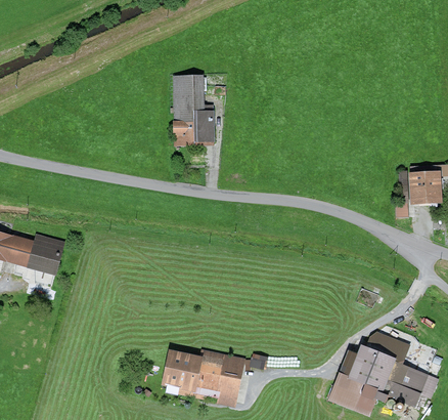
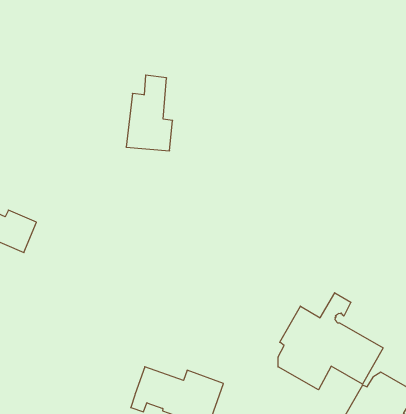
building: [174,78,213,142] -> [126,75,173,151]
building: none -> [278,293,383,390]

